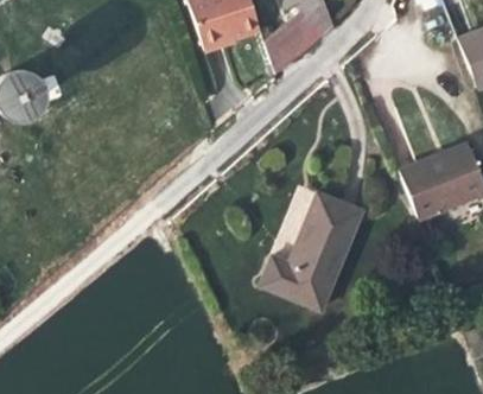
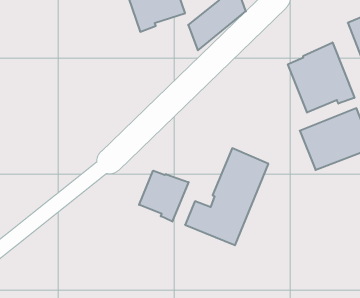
building: none -> [288,42,354,113]
building: none -> [139,171,189,222]

